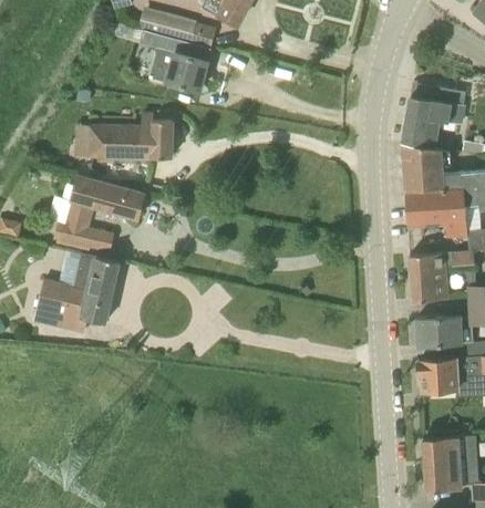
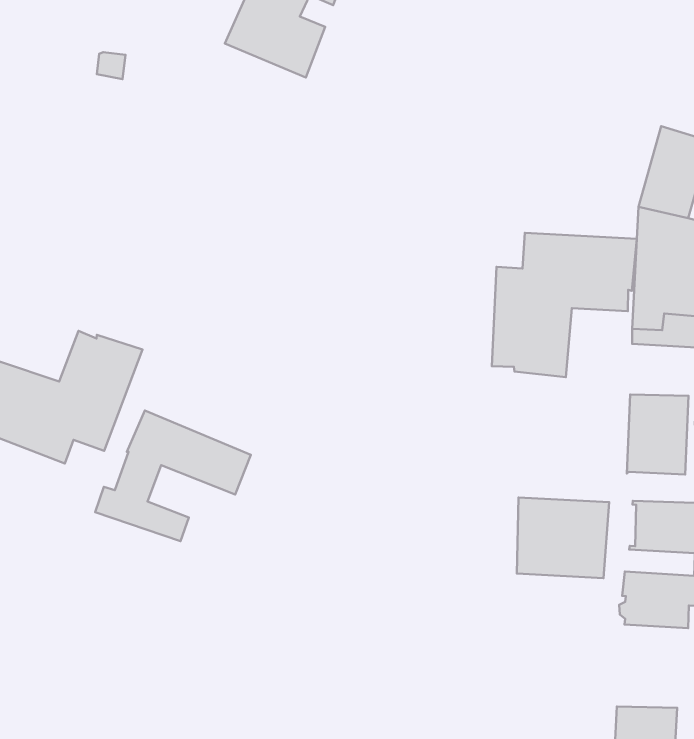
building: [75,120,174,159] -> none
building: none -> [492,233,637,377]
building: [58,176,145,250] -> [95,410,251,541]
building: none -> [517,498,609,578]

